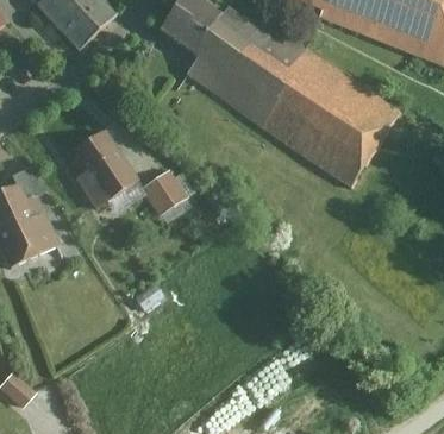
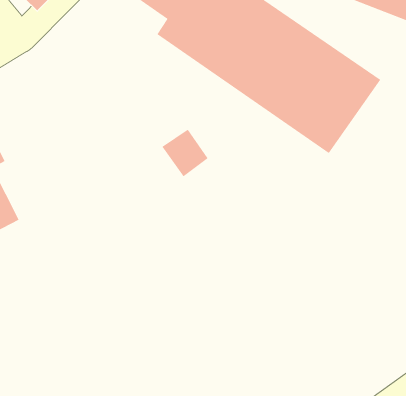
building: [67,127,133,202] -> none
building: [137,171,181,216] -> [161,129,208,177]

